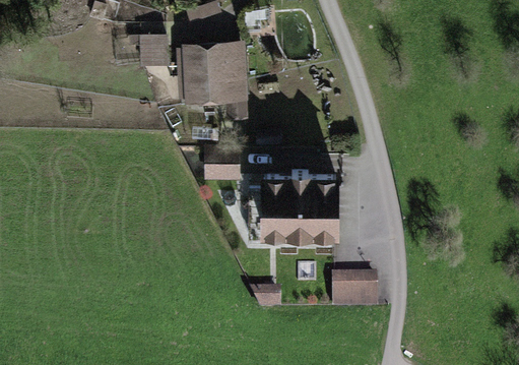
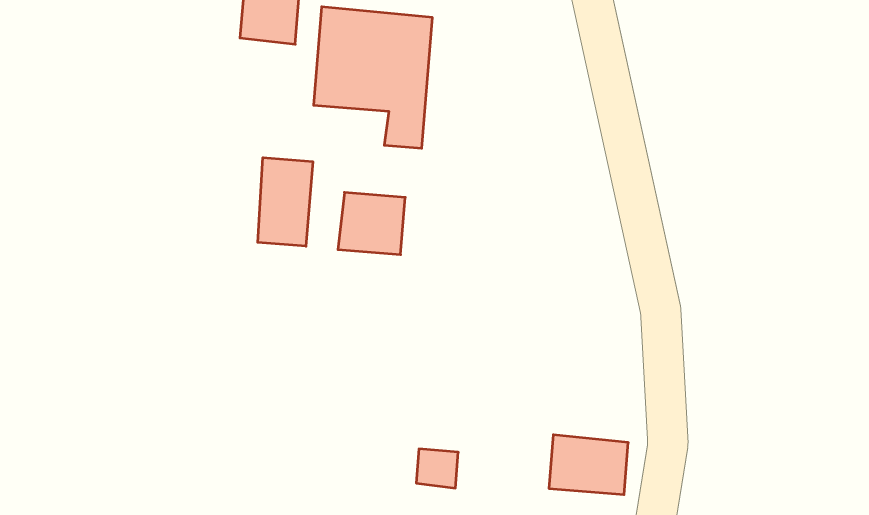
building: none -> [258,158,313,246]
building: [262,176,338,236] -> none

